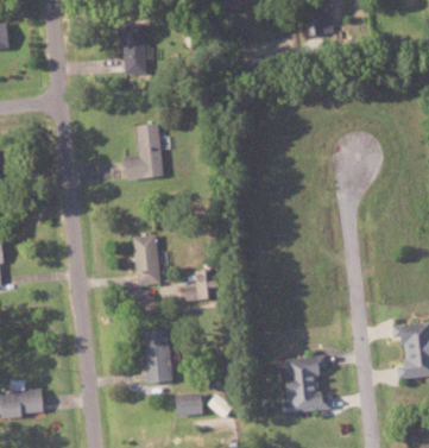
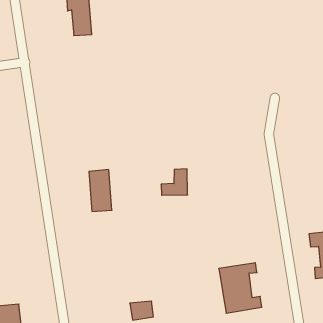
building: [125,122,166,181] -> none
building: [181,270,213,301] -> [161,169,188,195]
building: [144,330,171,383] -> none

